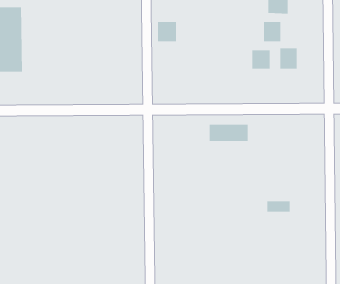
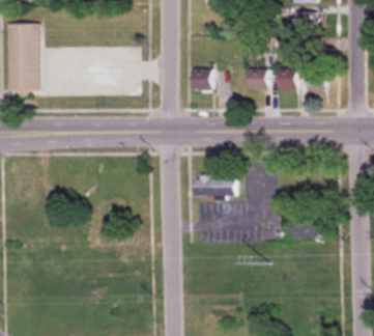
building: [263,21,281,42] -> [248,68,266,90]
building: [157,21,177,42] -> [192,68,212,90]
building: [209,124,249,142] -> [194,178,235,197]

